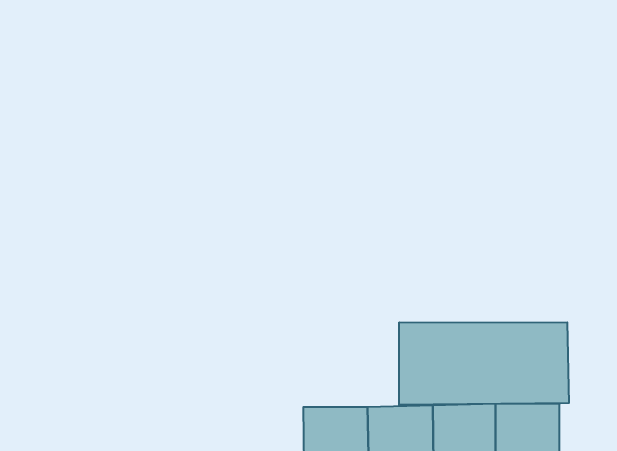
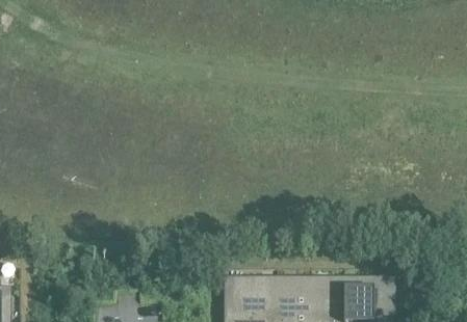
building: [399,322,569,405] -> none

